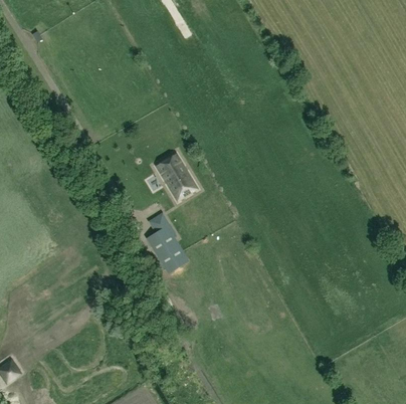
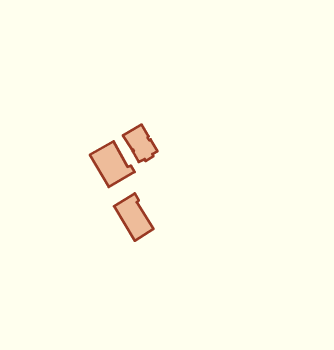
building: none -> [90,141,135,187]

